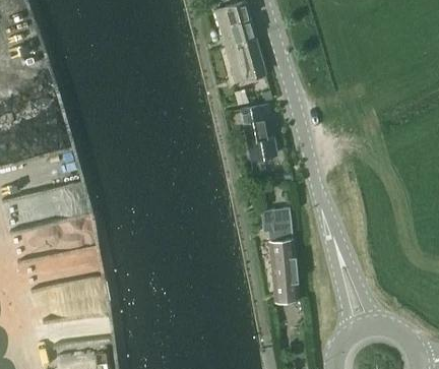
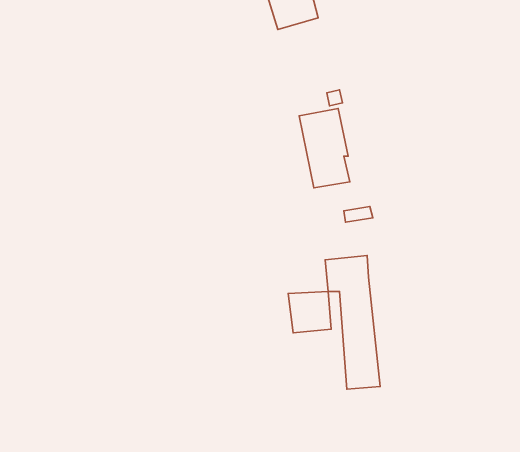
building: [227,40,265,81] -> none
building: none -> [288,291,331,333]

